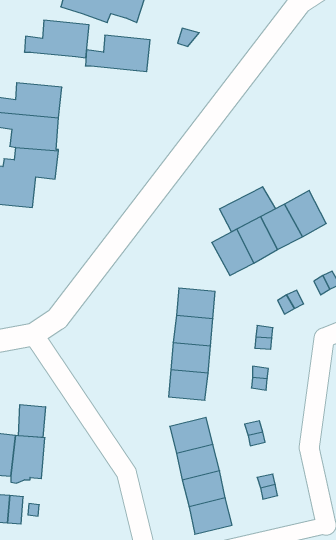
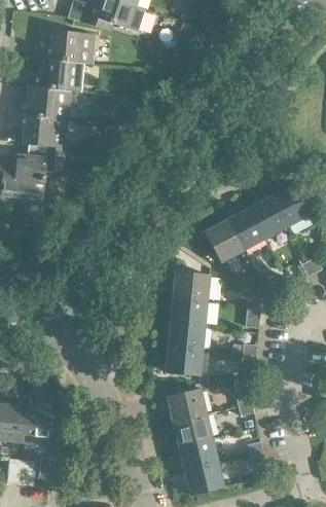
building: [85,35,150,72] -> [24,58,82,90]
building: [220,187,275,232] -> none
building: [19,405,46,437] -> none

